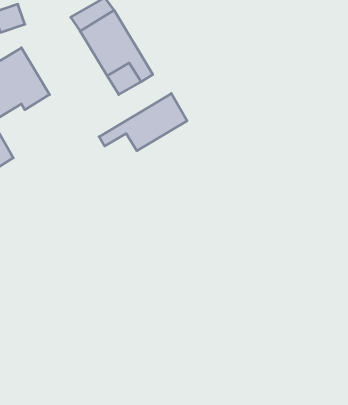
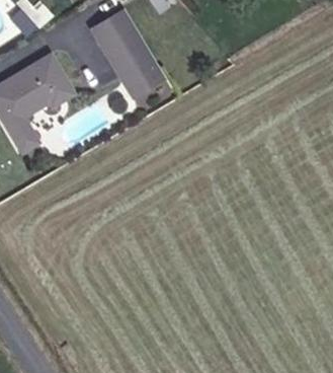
building: [99,93,187,151] -> none

